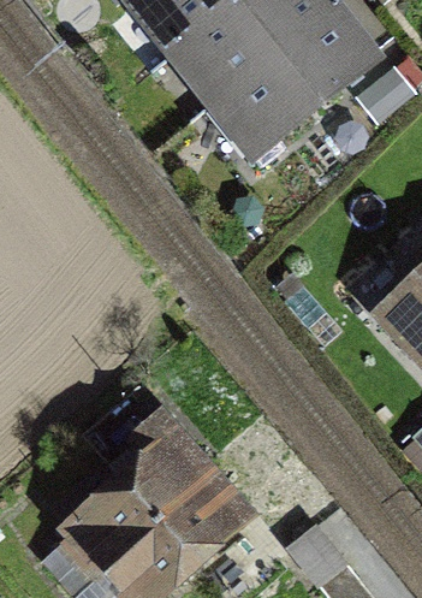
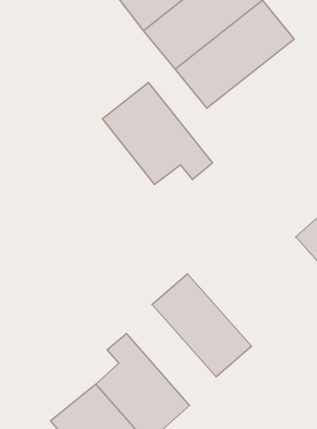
building: none -> [103,82,213,184]
building: none -> [152,274,251,377]

